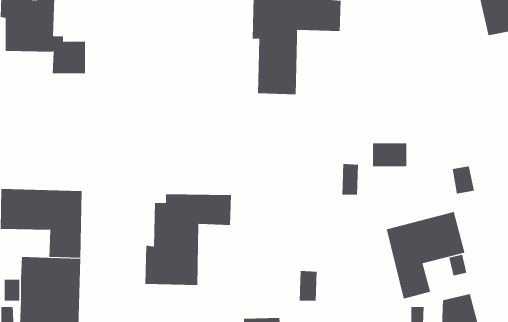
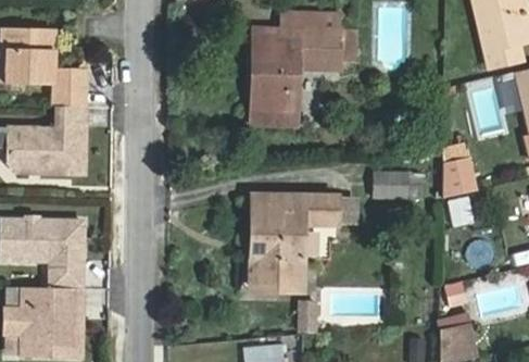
building: none -> [8,104,87,172]
building: none -> [443,158,476,199]
building: [144,194,232,285] -> [250,194,337,285]
building: [386,211,465,299] -> none

